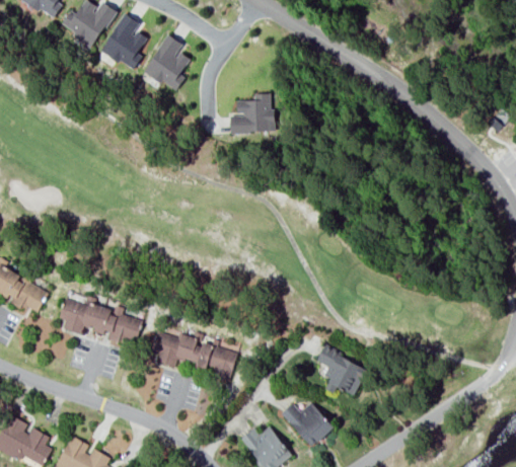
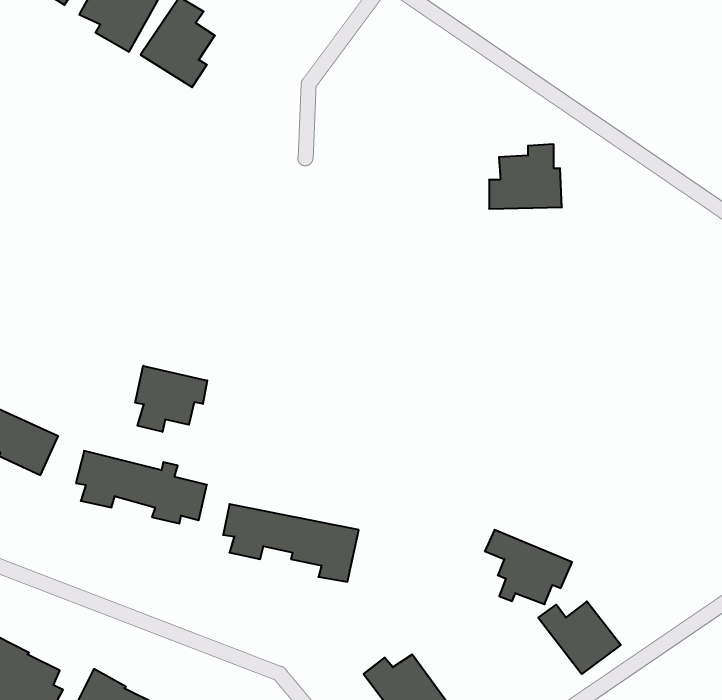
building: [144,33,191,91] -> none
building: [230,92,276,133] -> [489,144,562,209]
building: none -> [135,366,207,432]
building: [282,401,334,447] -> [538,601,621,674]

